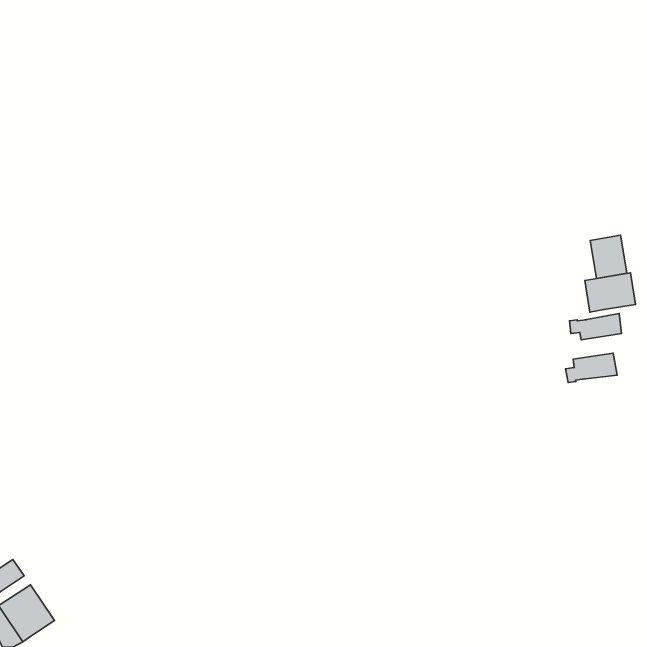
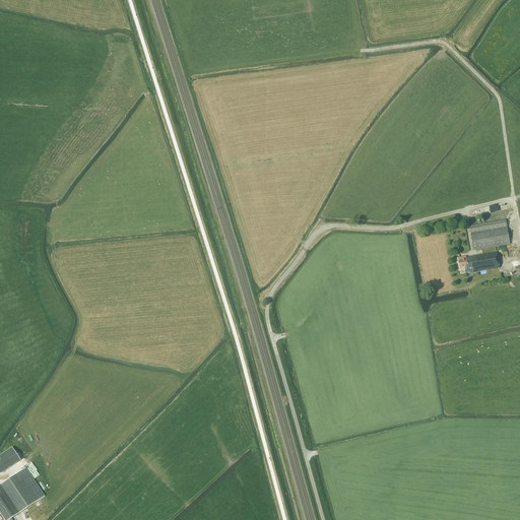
building: [590,235,627,278] -> none
building: [566,353,617,382] -> none

